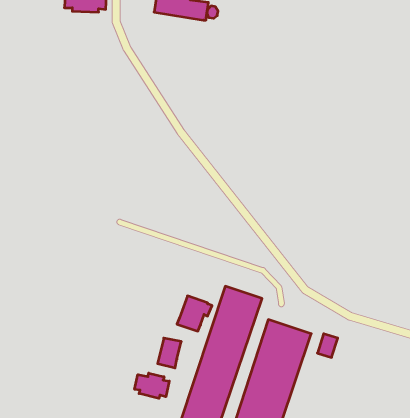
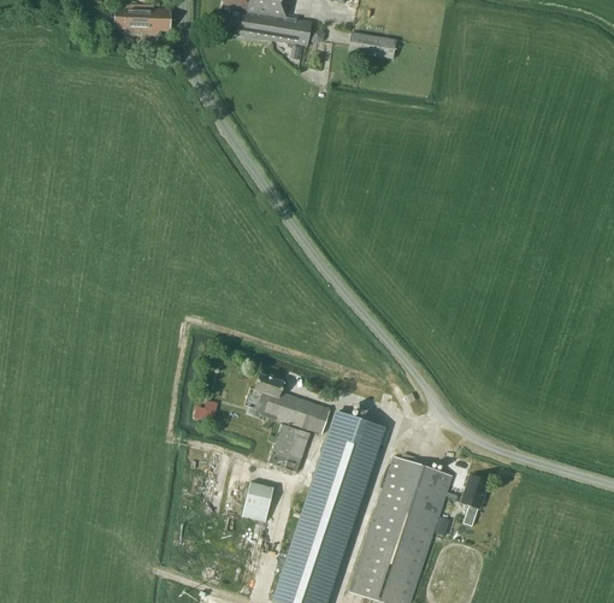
building: none -> [349,32,396,59]
building: none -> [254,373,331,433]
building: [135,373,169,398] -> none

